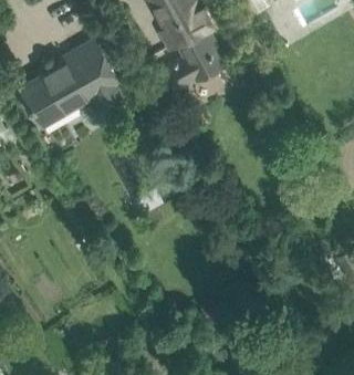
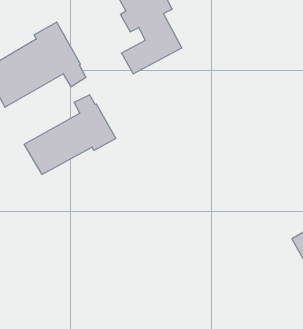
building: none -> [24,95,116,174]

